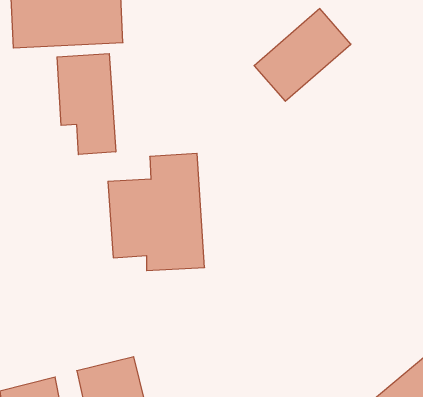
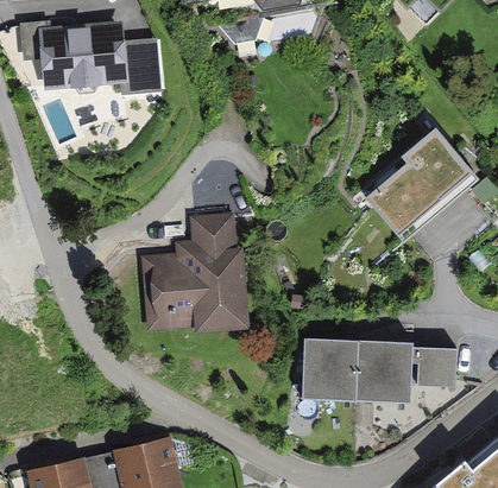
building: [254,9,351,101] -> [358,128,465,230]
building: [57,54,116,155] -> none
building: none -> [301,340,458,405]

